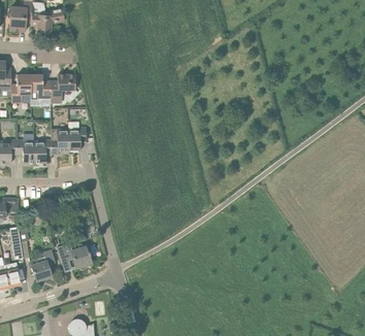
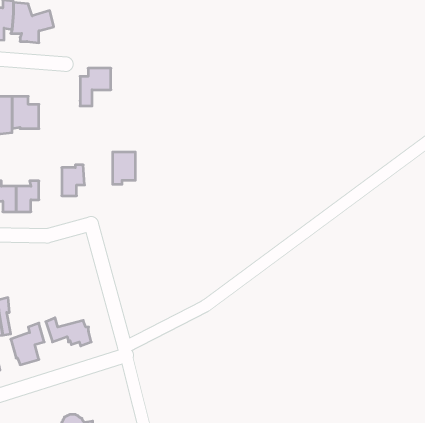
building: [52,74,75,103] -> [80,68,111,106]
building: [52,129,69,154] -> [113,152,135,184]

